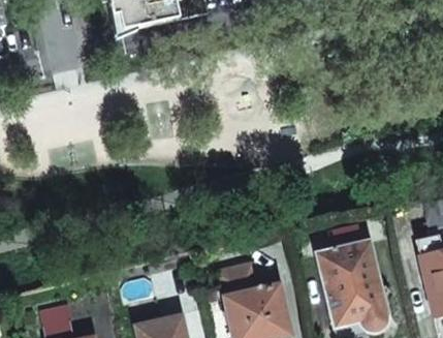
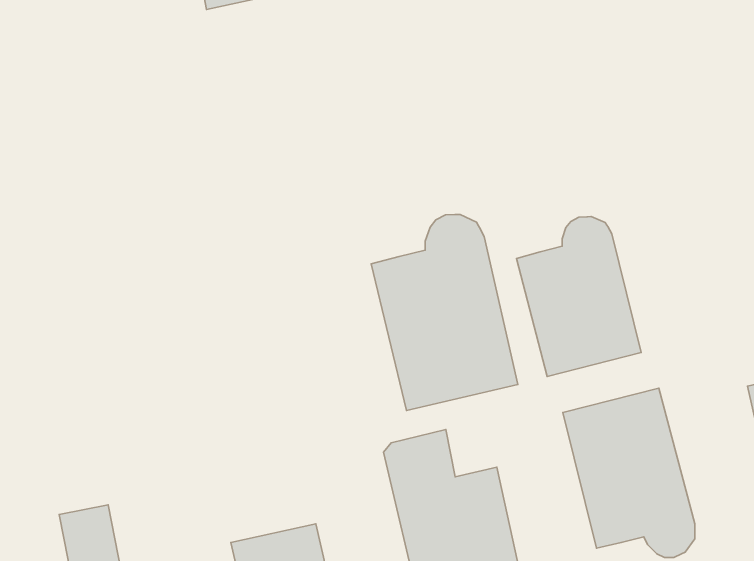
building: none -> [371,214,518,411]
building: none -> [516,217,641,376]

